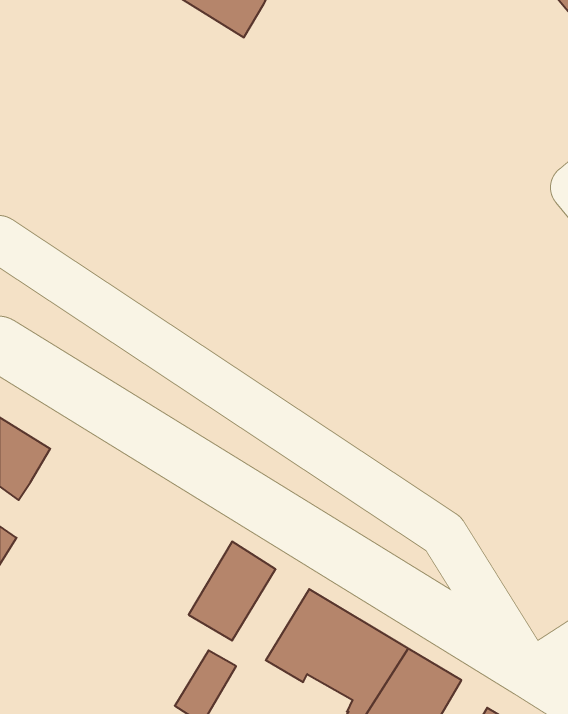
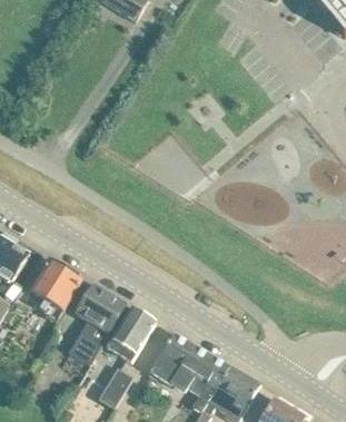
building: none -> [30,257,83,311]
building: none -> [69,283,126,363]

